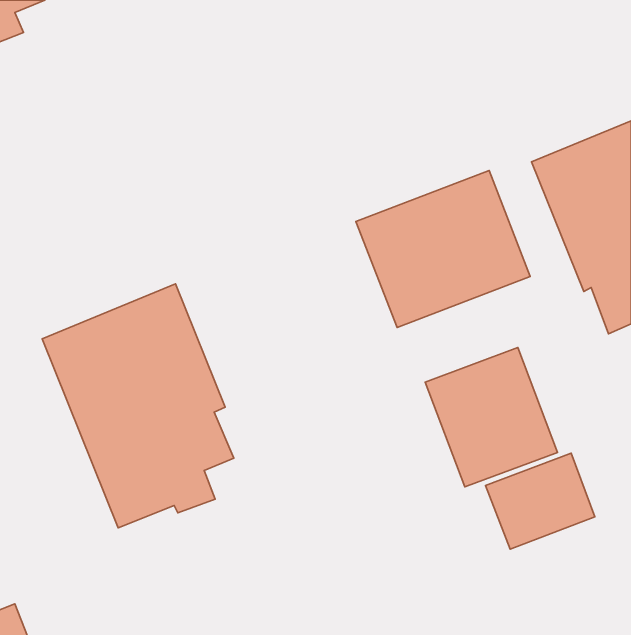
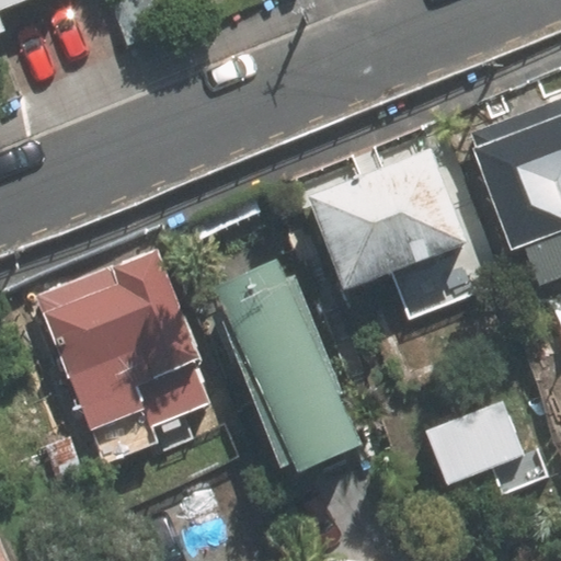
building: none -> [218,268,362,469]
building: [425,348,557,487] -> none

